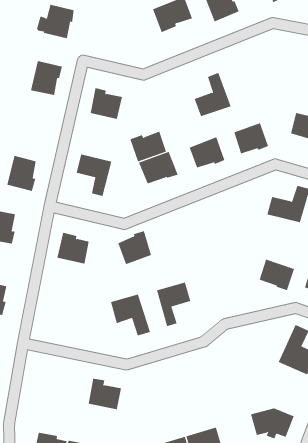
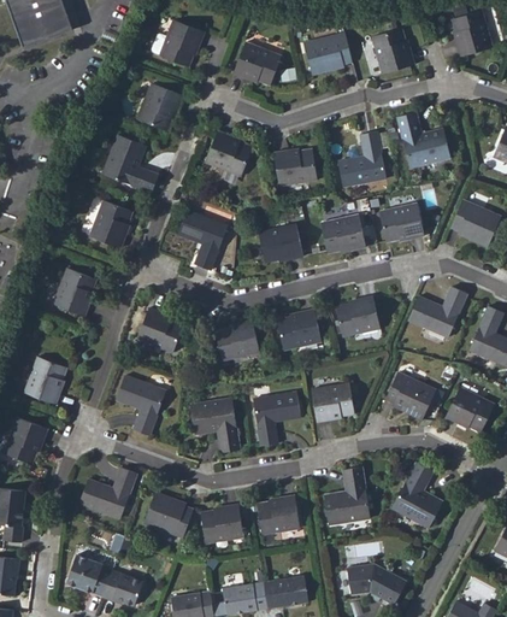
building: none -> [234,39,281,80]
building: none -> [397,113,447,168]
building: none -> [100,136,153,193]
building: [129,131,167,162] -> [272,153,317,188]
building: none -> [336,296,378,335]
building: none -> [278,307,319,347]
building: none -> [311,386,353,422]
building: none -> [116,372,166,433]
building: none -> [326,470,373,527]
building: none -> [83,469,141,519]
building: none -> [261,496,301,536]
building: none -> [206,505,246,545]

